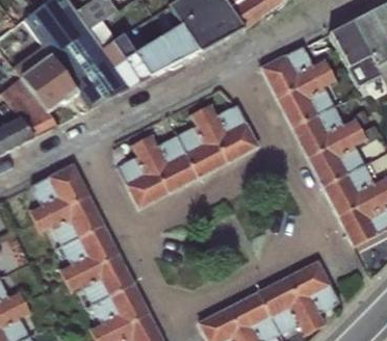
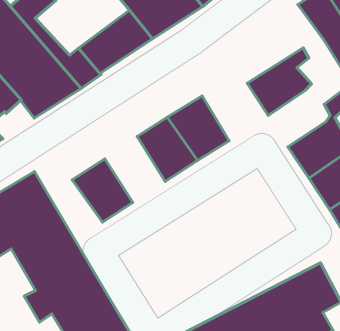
building: [260,41,328,98] -> none
building: [291,109,341,157] -> none
building: [145,135,196,192] -> none

